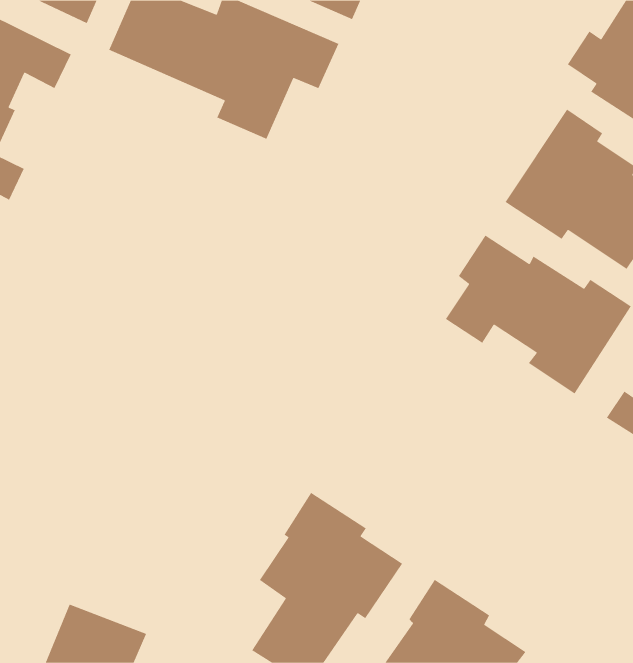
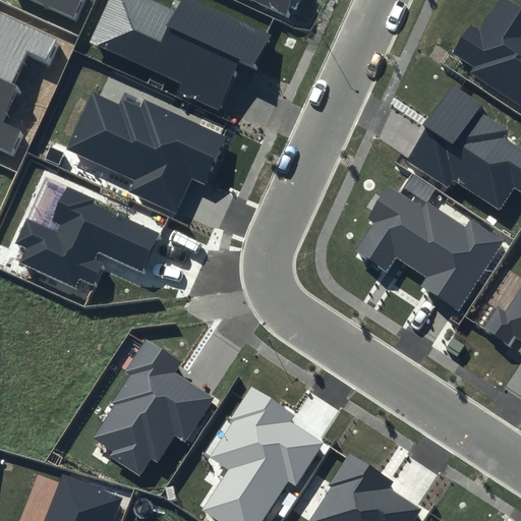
building: none -> [65,92,230,213]
building: none -> [16,186,160,289]
building: none -> [93,341,212,476]

